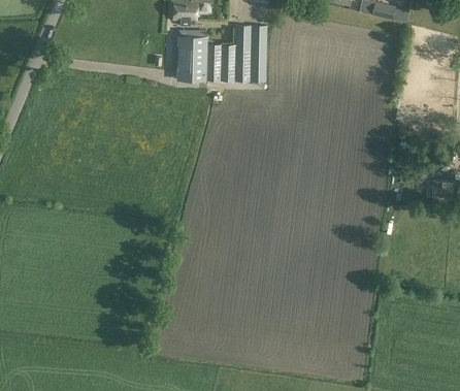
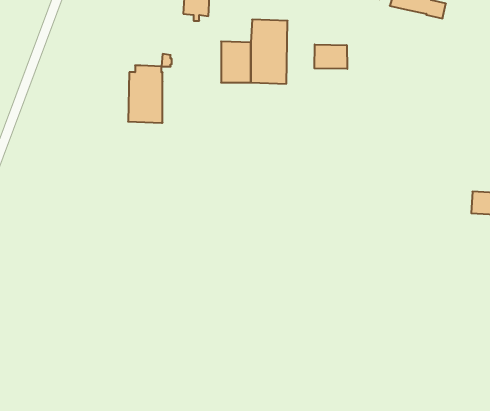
building: [175,29,206,80] -> [128,65,163,123]
building: none -> [314,44,347,69]

